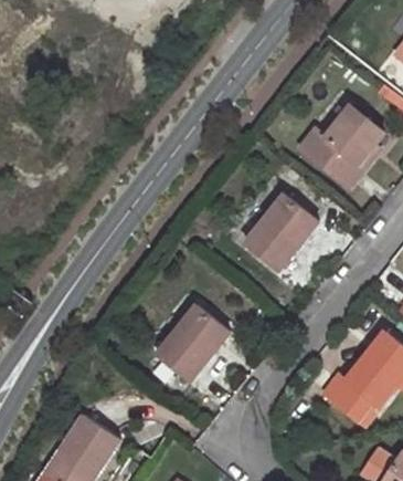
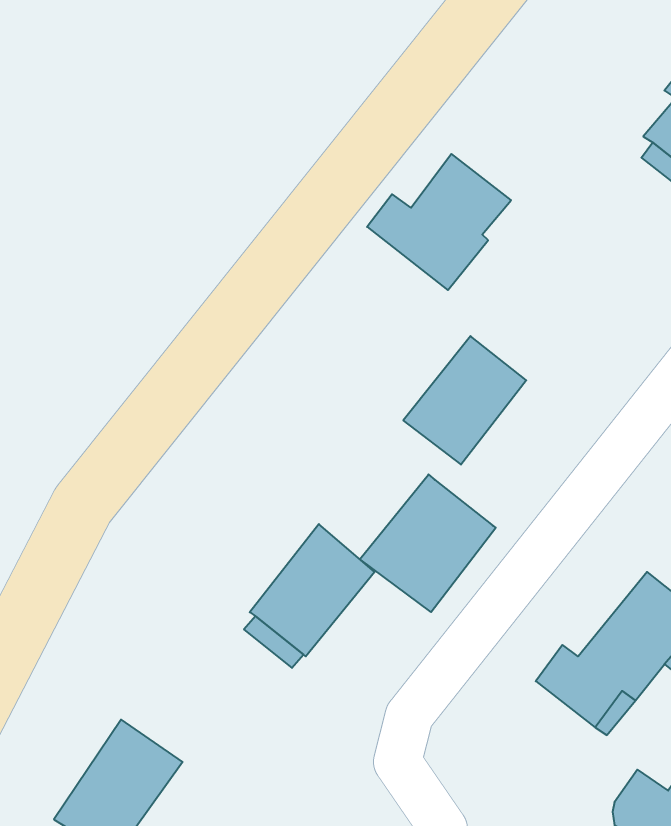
building: [300,105,383,184] -> [367,154,511,290]
building: none -> [360,474,496,612]

